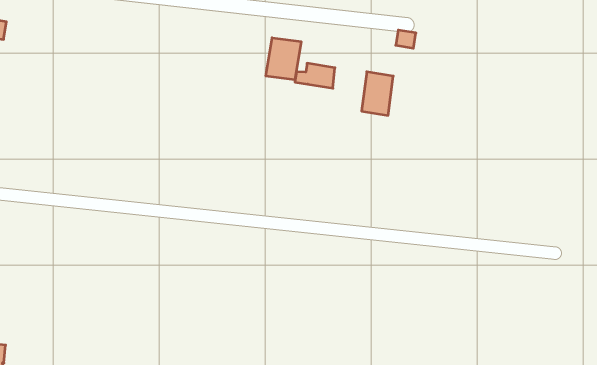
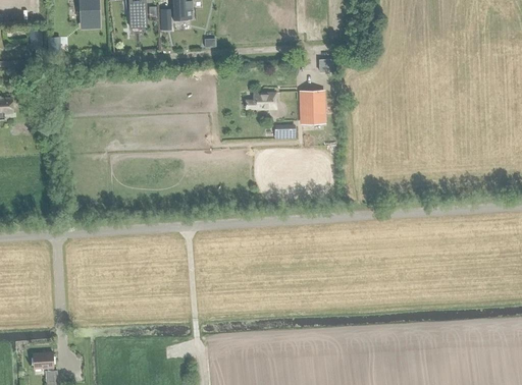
building: [266,38,301,80] -> none

